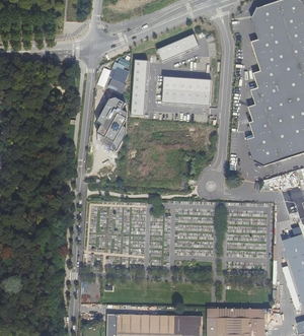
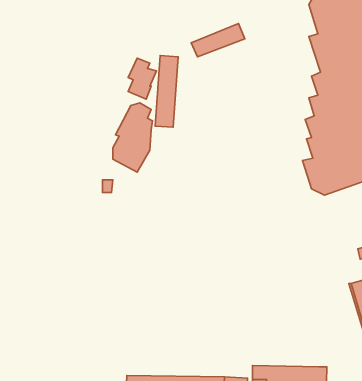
building: [162,75,211,106] -> none

